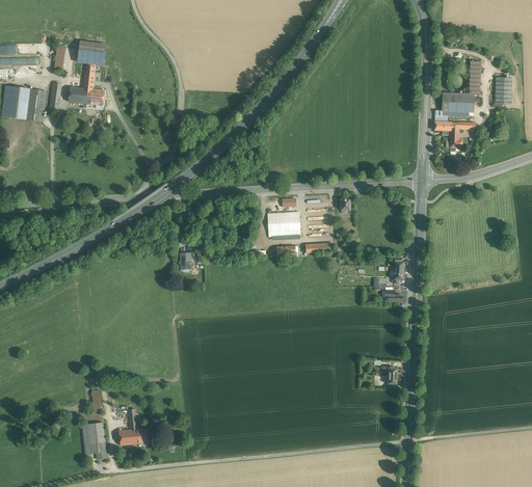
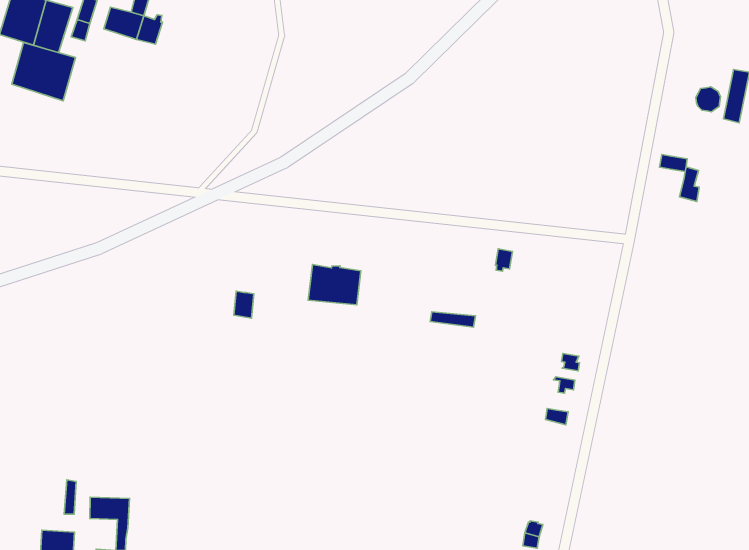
building: [443,93,474,112] -> none
building: none -> [12,43,76,101]
building: [268,212,300,237] -> [308,265,361,305]

